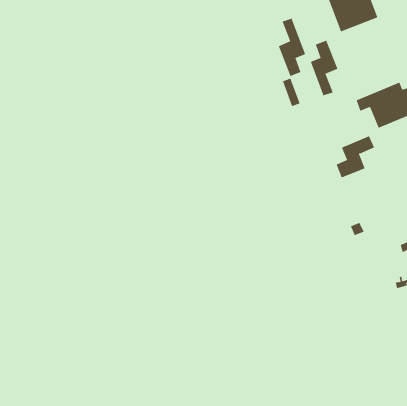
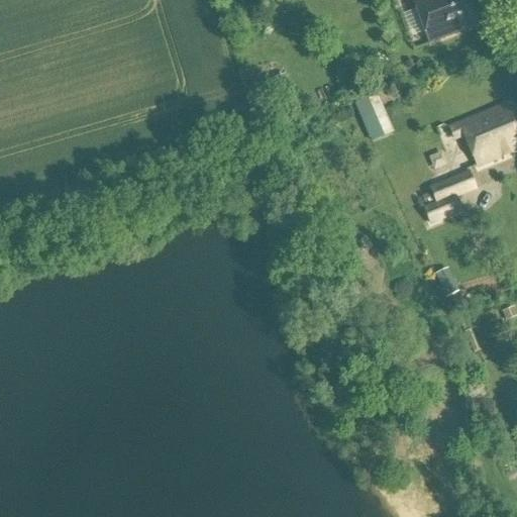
building: [278,18,306,77] -> none
building: [310,40,338,96] -> none

